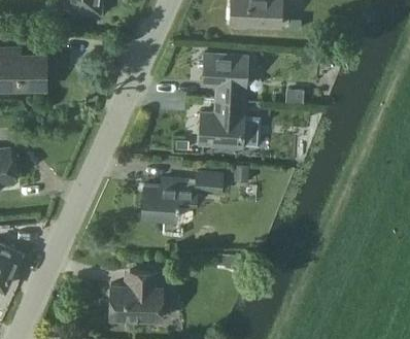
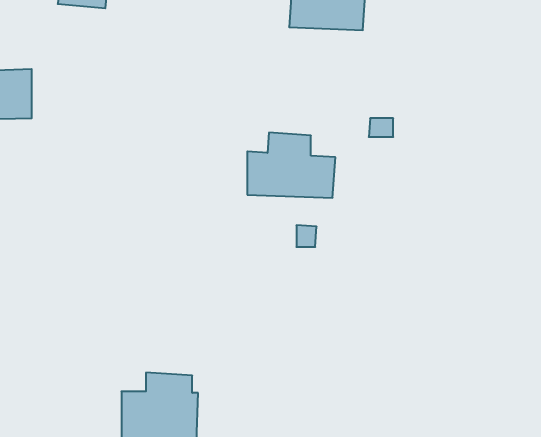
building: [204,54,249,102] -> none
building: [141,173,224,217] -> none

